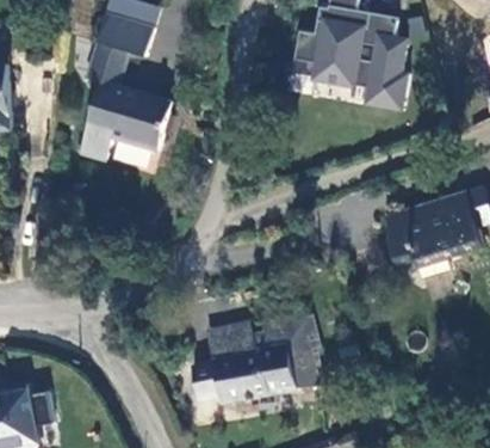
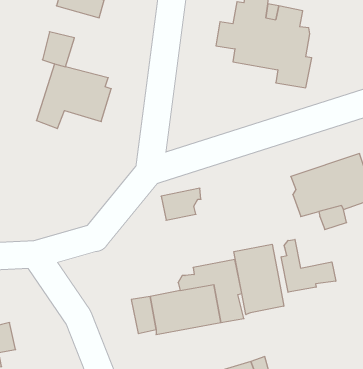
building: [95,13,155,57] -> none
building: none -> [281,239,336,292]
building: none -> [234,244,284,315]
building: [210,323,258,361] -> [161,188,201,220]

